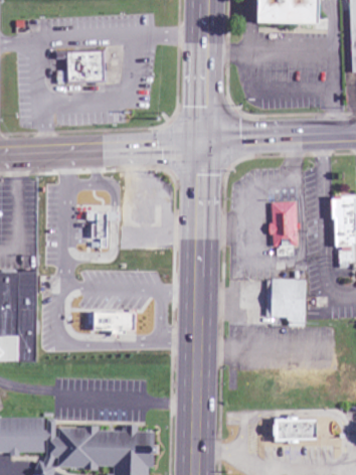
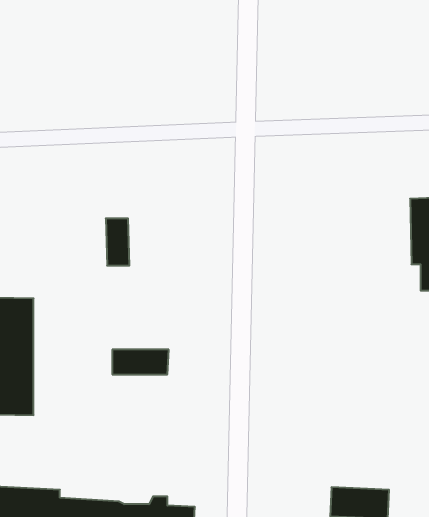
building: [74,50,111,80] -> none
building: [269,200,297,246] -> none
building: [269,278,306,325] -> none

